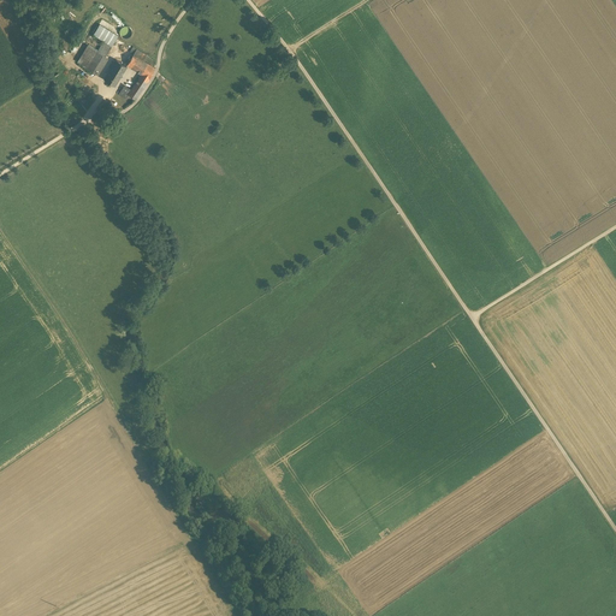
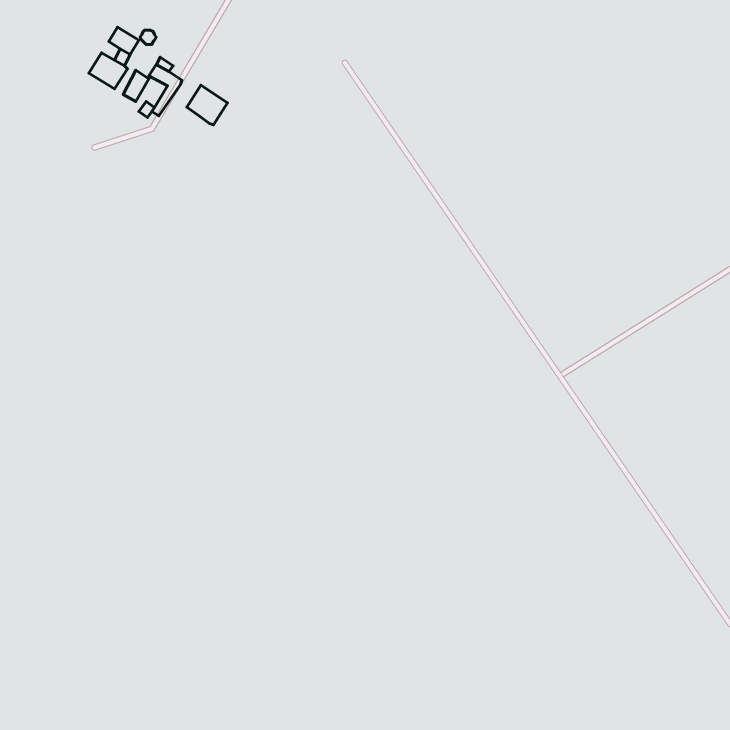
building: none -> [187,85,227,125]

